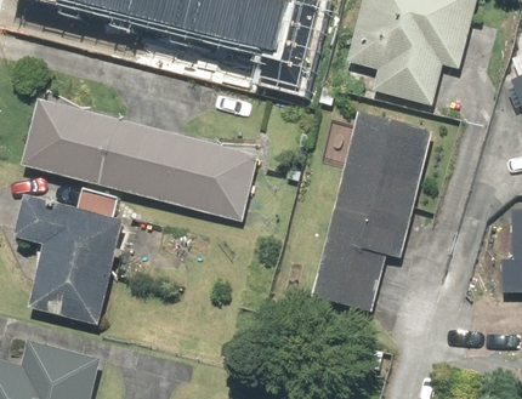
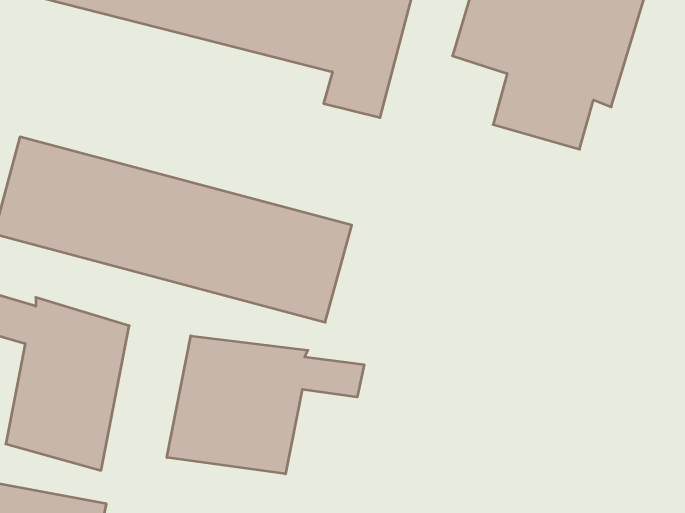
building: [311,107,424,318] -> none
building: none -> [167,336,364,474]

